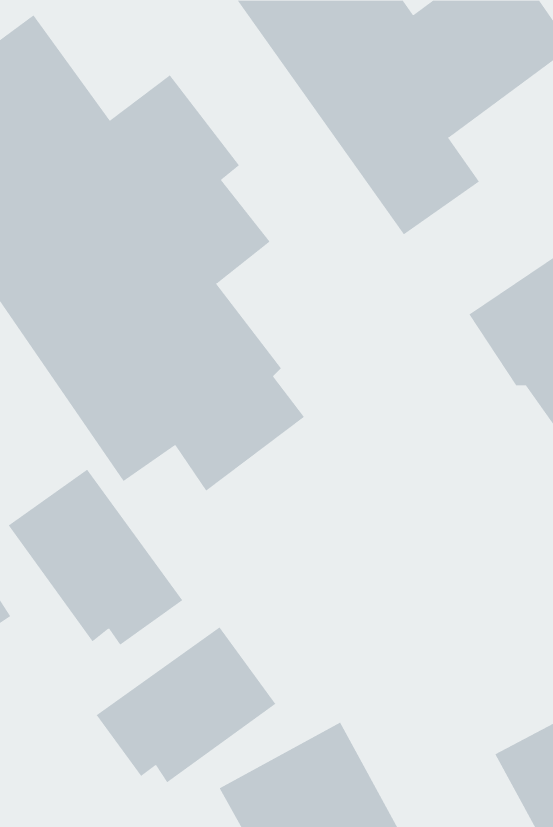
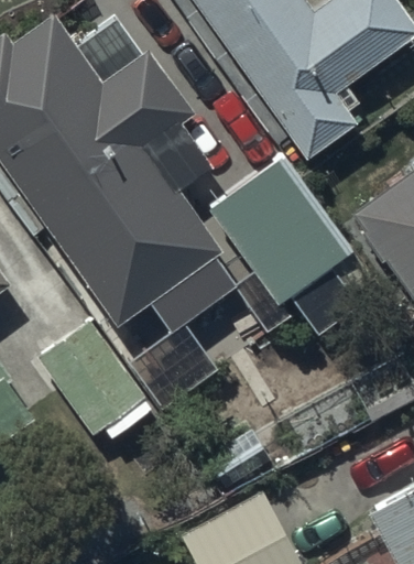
building: none -> [208,159,362,324]
building: [96,626,276,783] -> none

